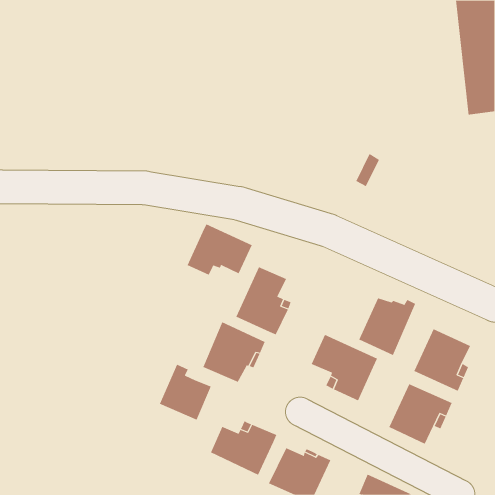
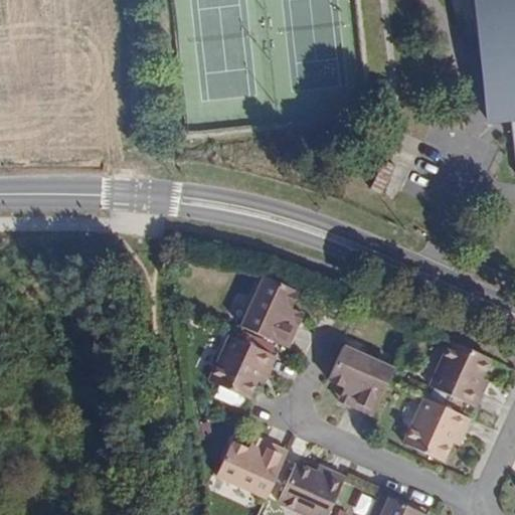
building: [187,223,252,275] -> none
building: [359,297,416,356] -> none
building: [159,364,211,421] -> none

